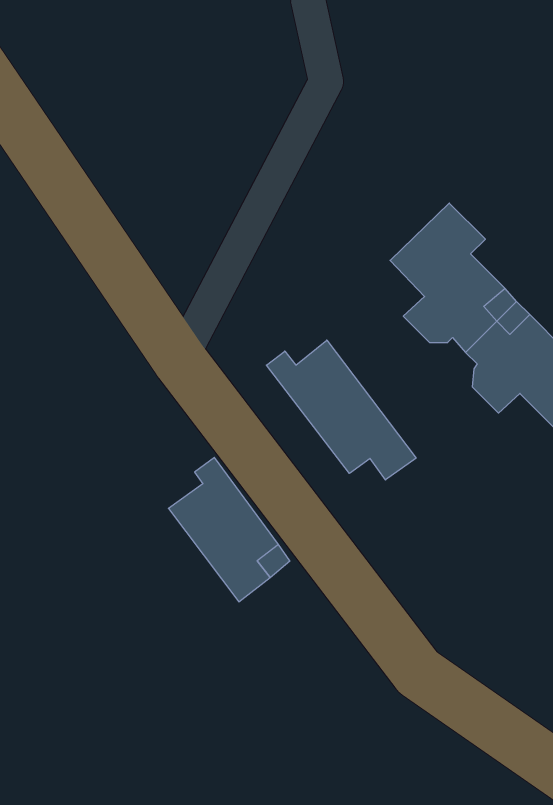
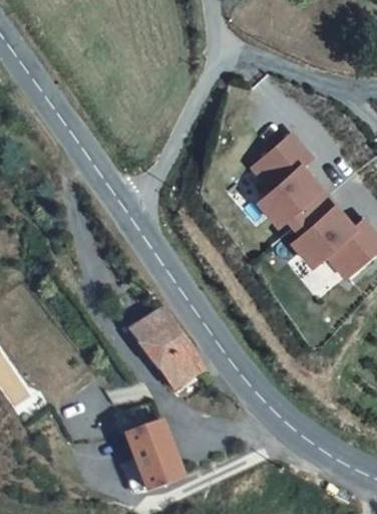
building: [266,340,416,480] -> none
building: none -> [117,416,173,494]

